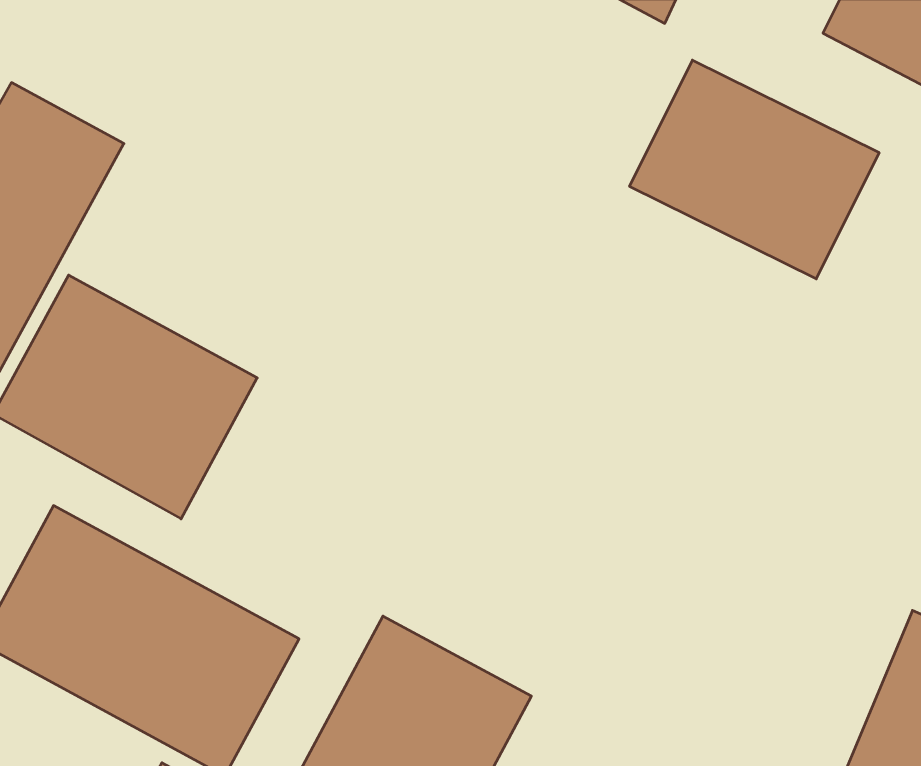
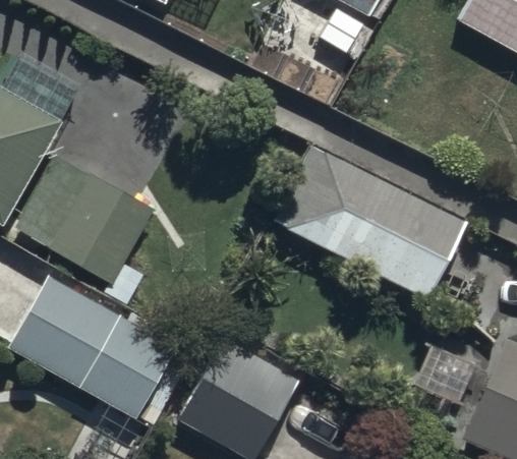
building: [630,60,879,279] -> none
building: none -> [269,140,469,300]

